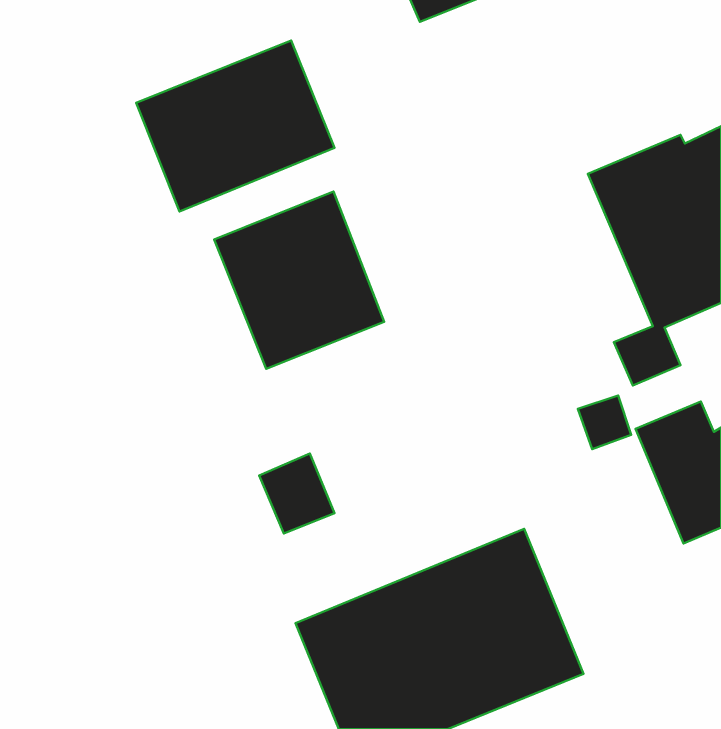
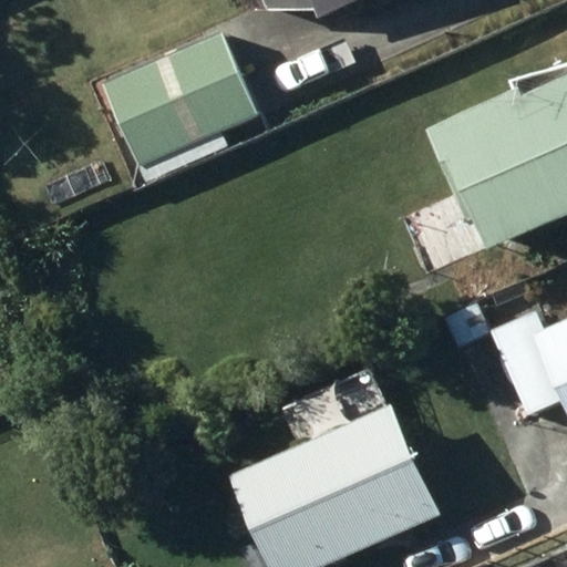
building: [214,191,384,369] -> none

